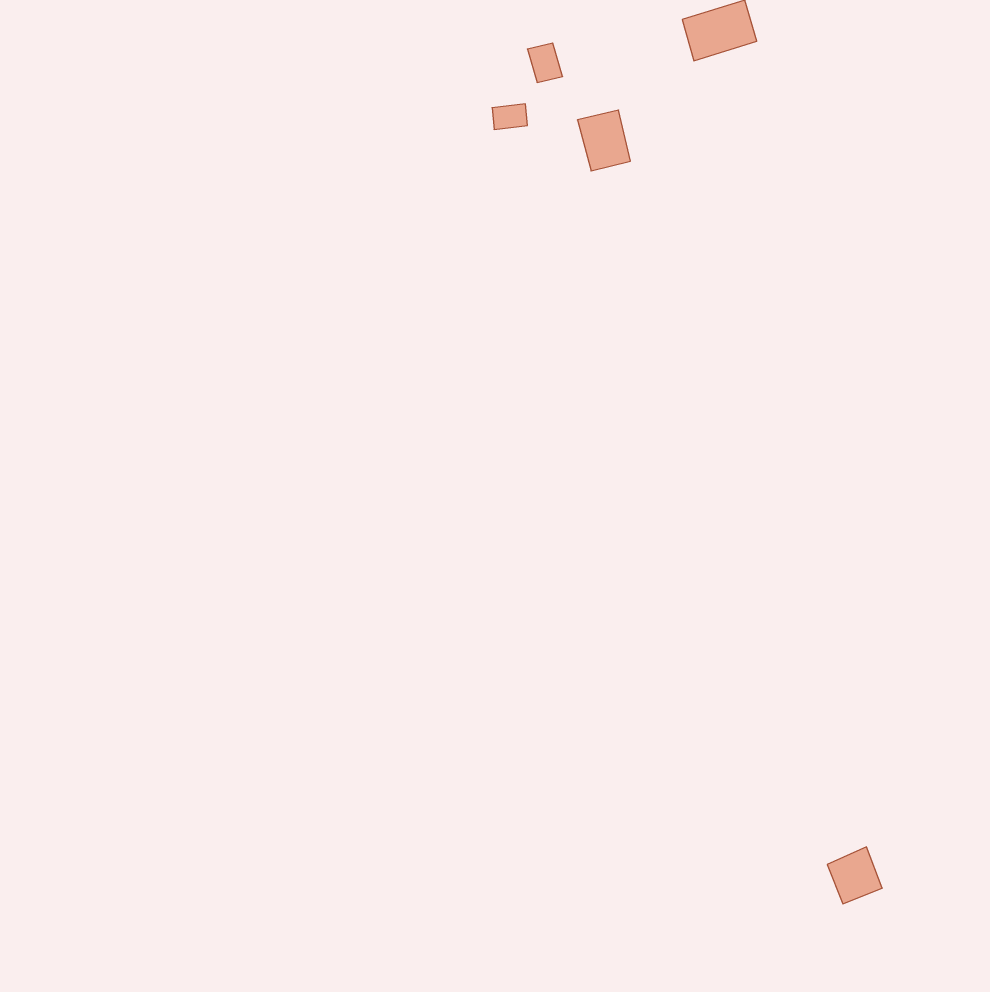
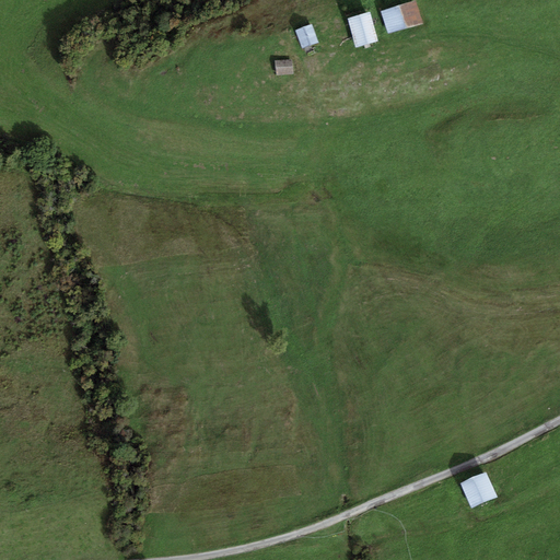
building: [577,110,630,171] -> [347,11,376,45]

